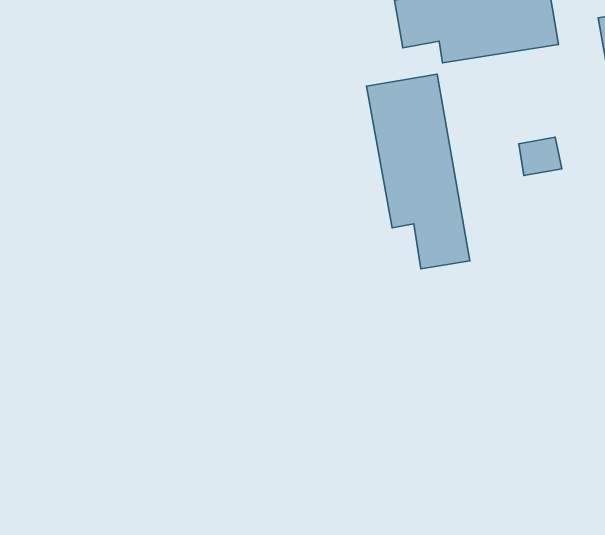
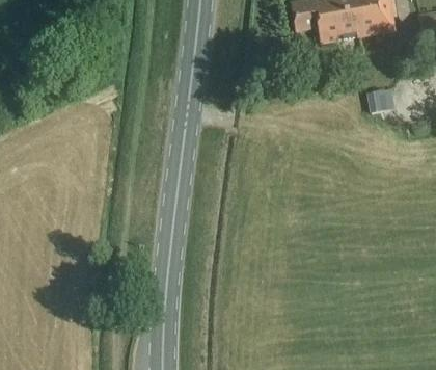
building: [367,74,470,269] -> none

